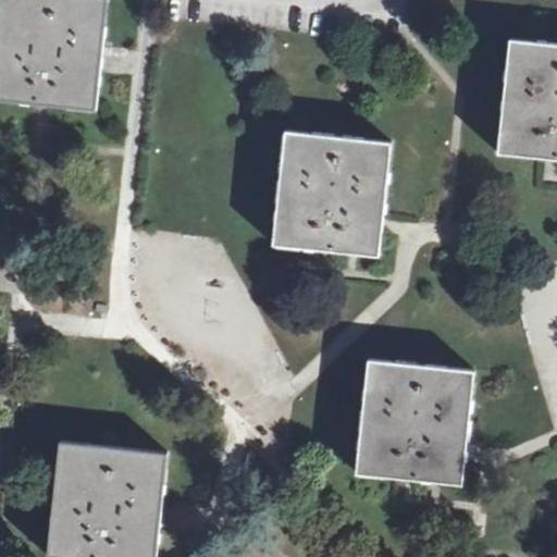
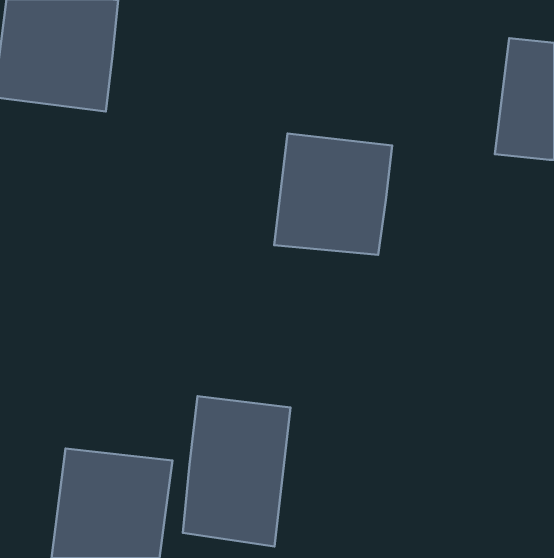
building: [351,361,469,487] -> none
building: none -> [183,396,291,546]

